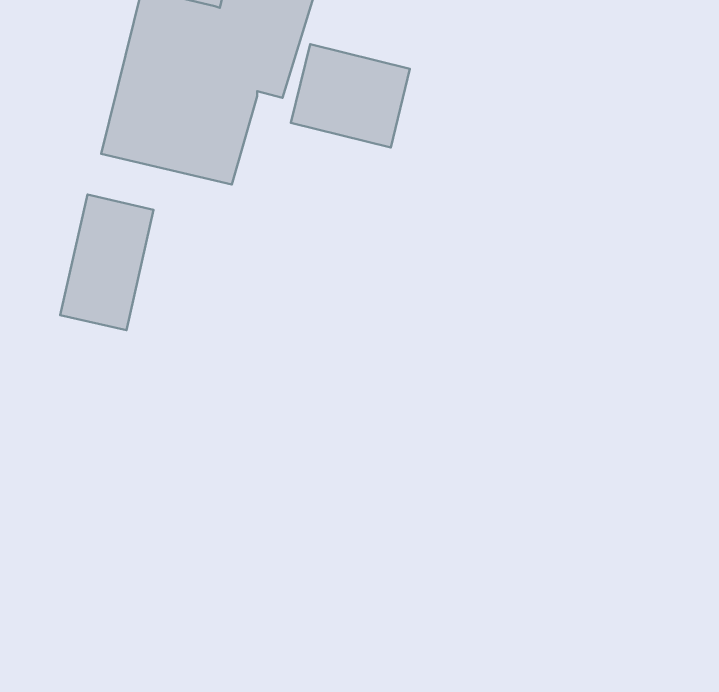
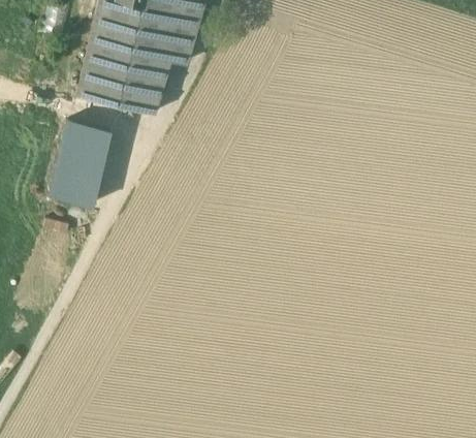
building: [291,44,410,148] -> none

